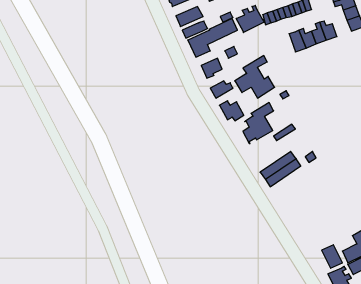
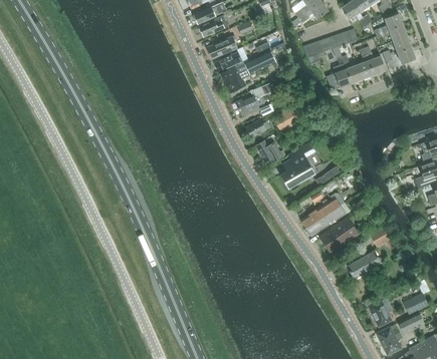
building: [236,5,264,33] -> none
building: none -> [320,217,360,253]
building: none -> [348,250,382,278]

